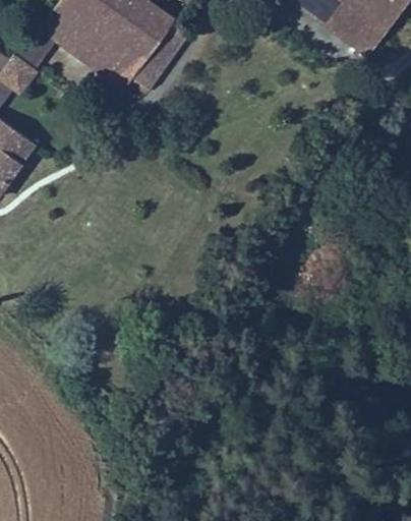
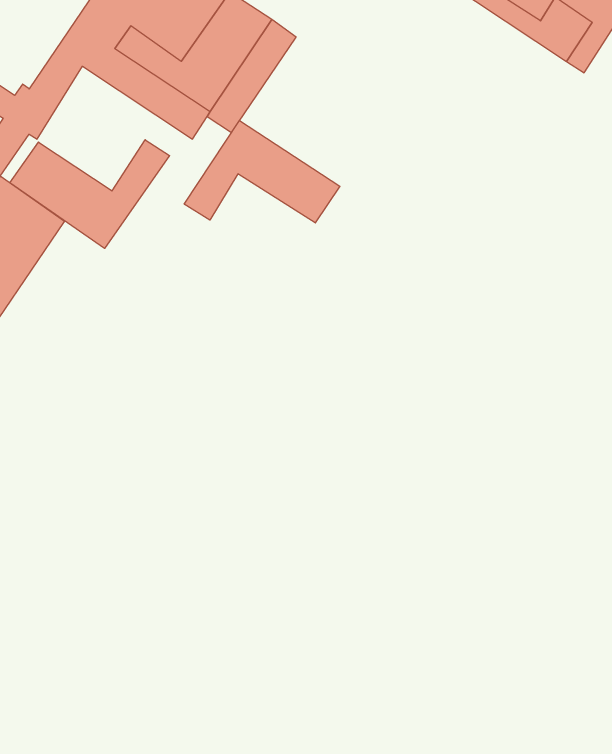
building: none -> [184,120,340,223]
building: none -> [10,140,170,248]

